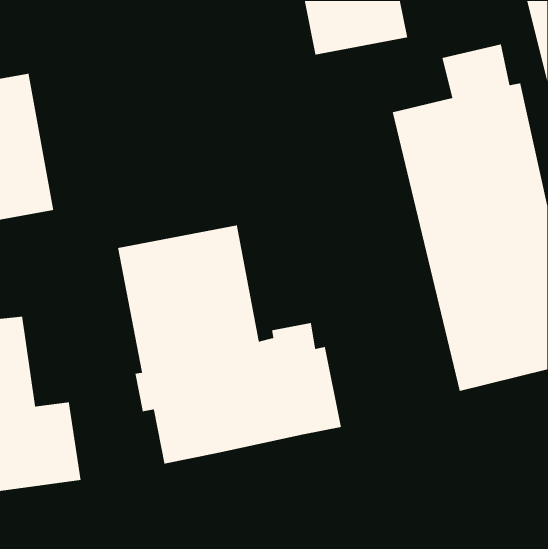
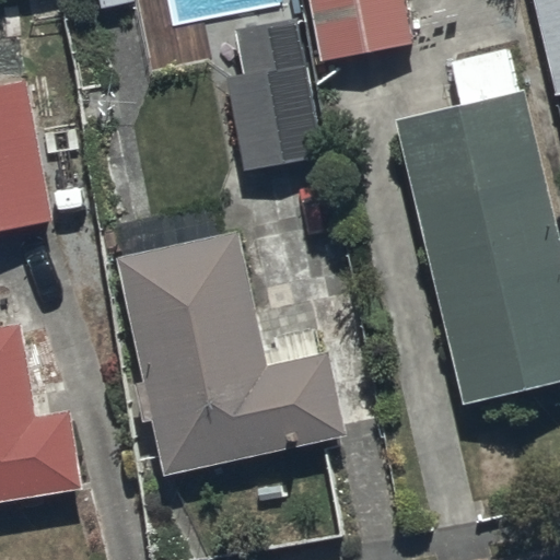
building: none -> [223,21,322,174]

